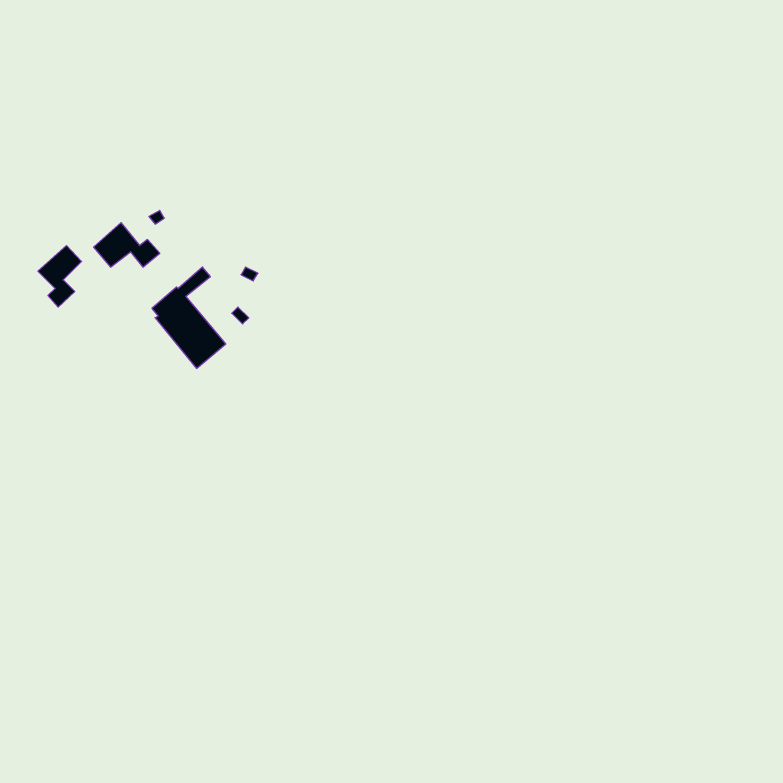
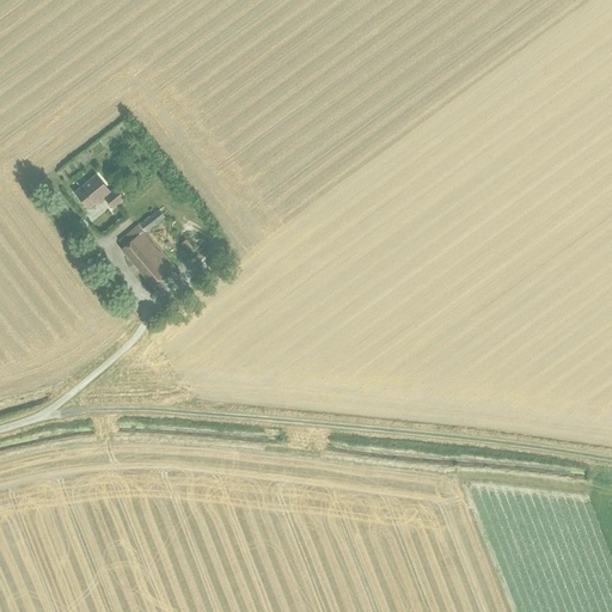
building: [38,246,82,307] -> none

